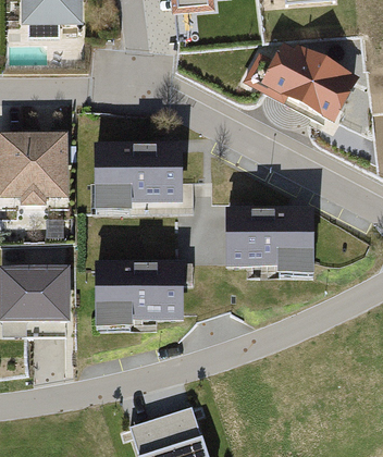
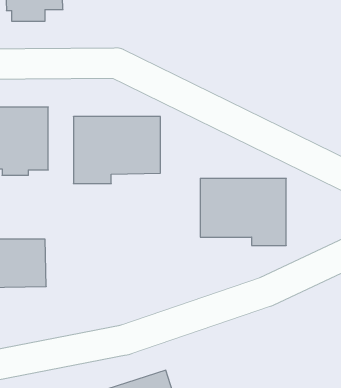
building: [265,49,351,118] -> none
building: [95,260,184,330] -> none

